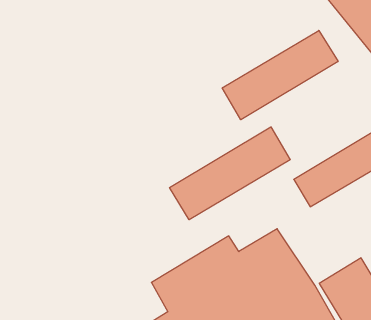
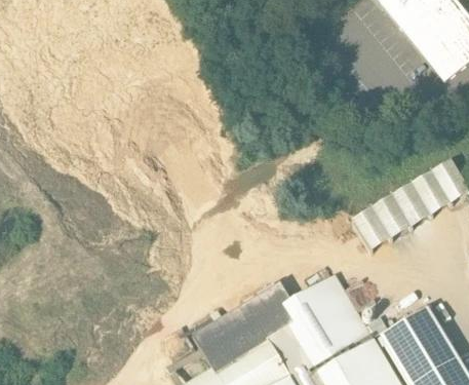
building: [222,30,338,120] -> none
building: [170,127,290,220] -> none

